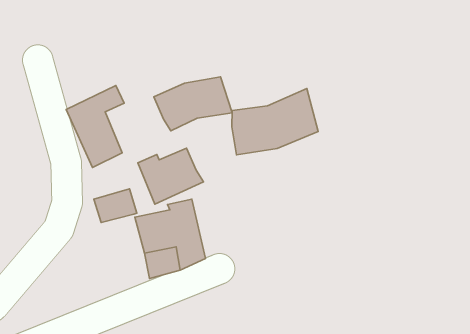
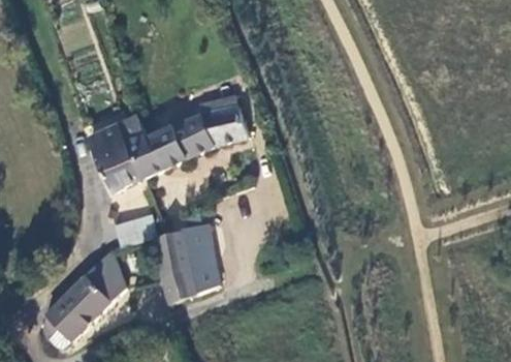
building: [232,88,318,155] -> none
building: [138,148,203,204] -> [126,124,190,179]
building: none -> [39,250,124,351]

